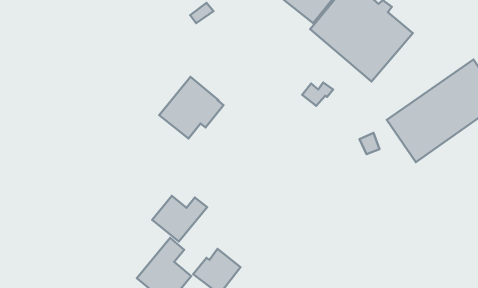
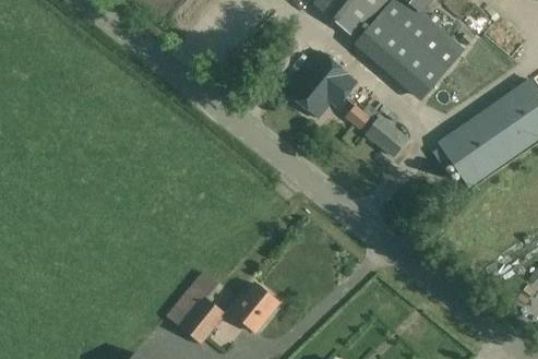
building: [159,77,224,138] -> [287,51,357,118]
building: none -> [367,117,408,156]
building: [152,196,207,242] -> none

